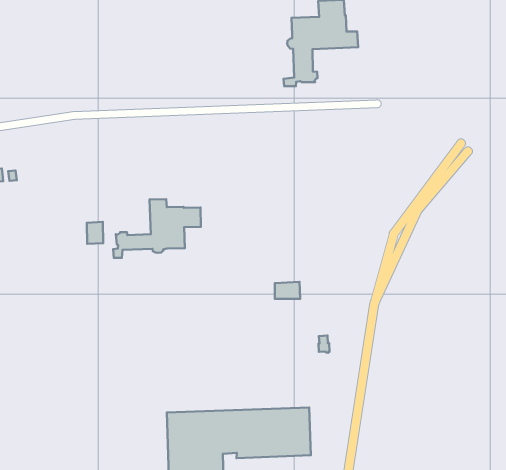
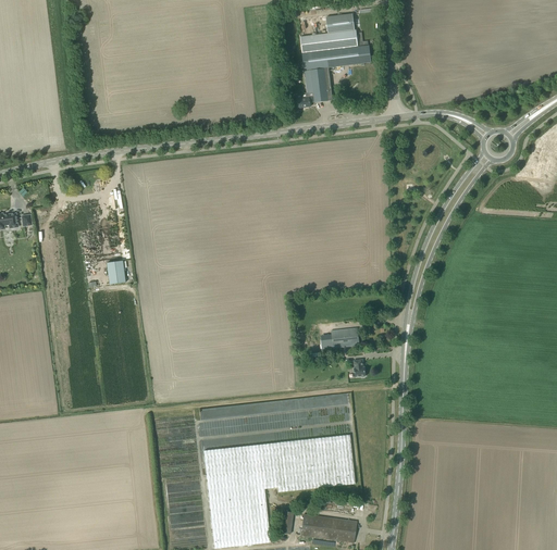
building: [113,199,201,258] -> none
building: [275,282,300,299] -> [332,327,359,347]

